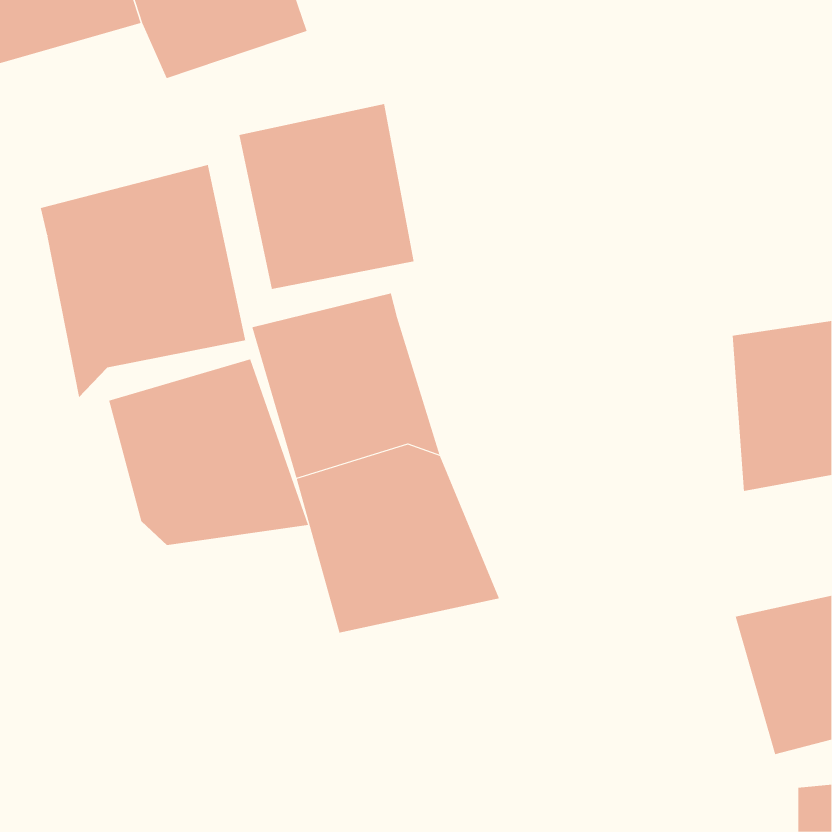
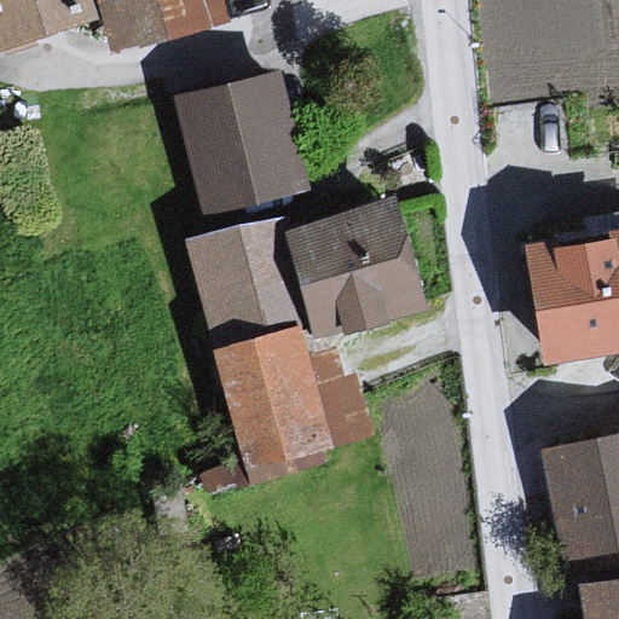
building: [40,164,246,398] -> none
building: none -> [293,203,430,335]
building: [108,358,309,546] -> none

